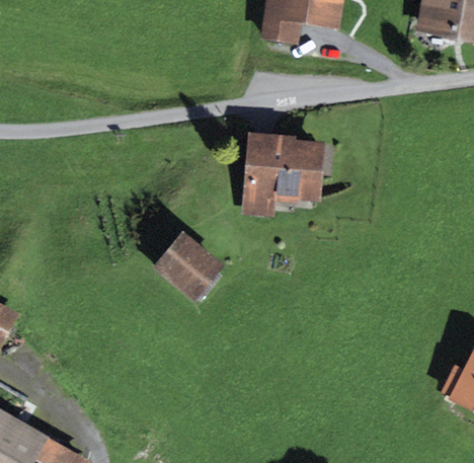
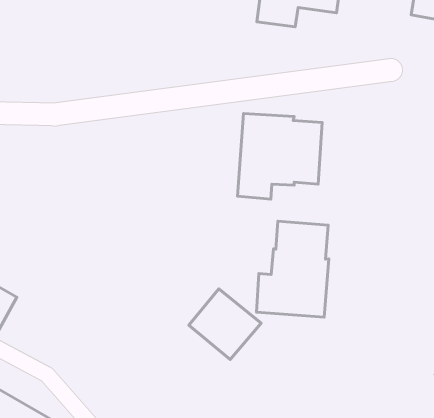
building: [152,231,225,302] -> [189,289,261,359]
building: none -> [256,221,329,317]

